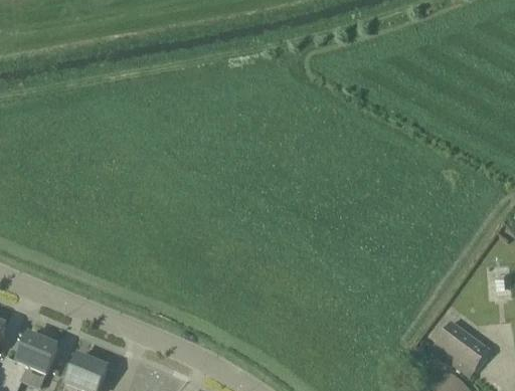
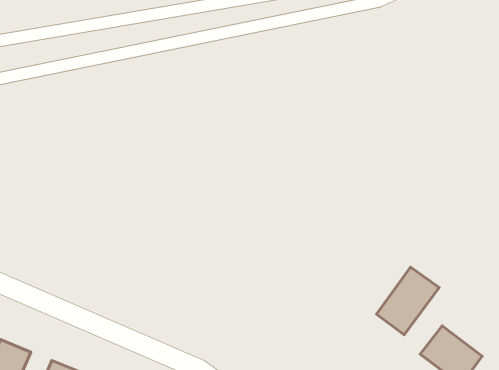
building: none -> [376,267,439,335]

